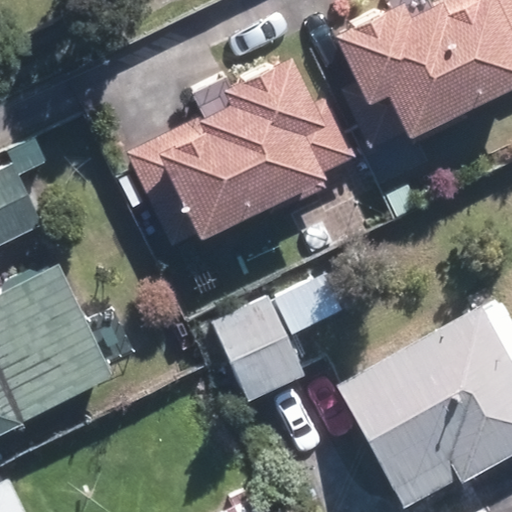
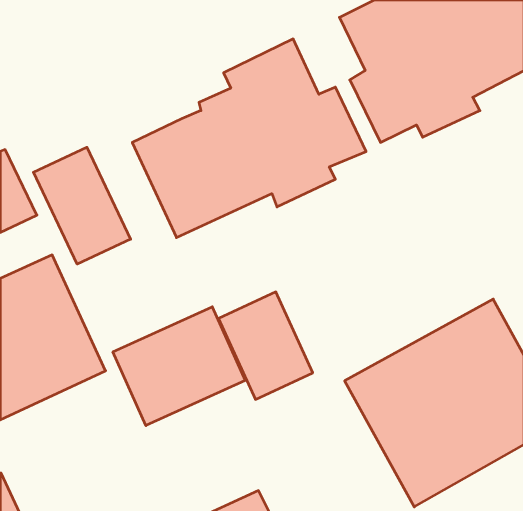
building: none -> [33,147,131,264]
building: none -> [113,307,245,426]

